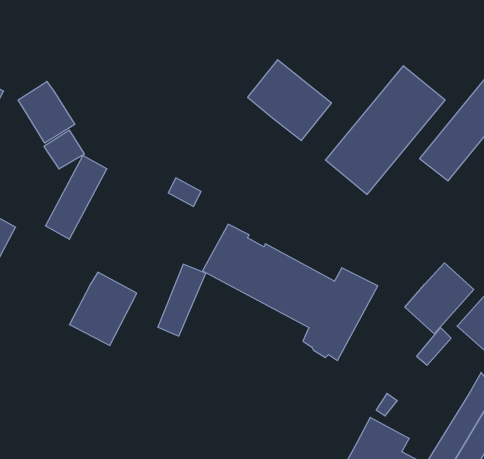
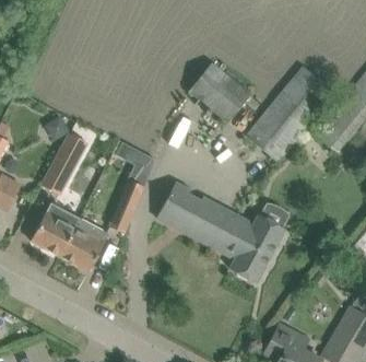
building: [18,81,75,143] -> none
building: none -> [29,202,74,256]
building: [405,263,474,334] -> none
building: [158,264,206,336] -> [108,179,143,232]

